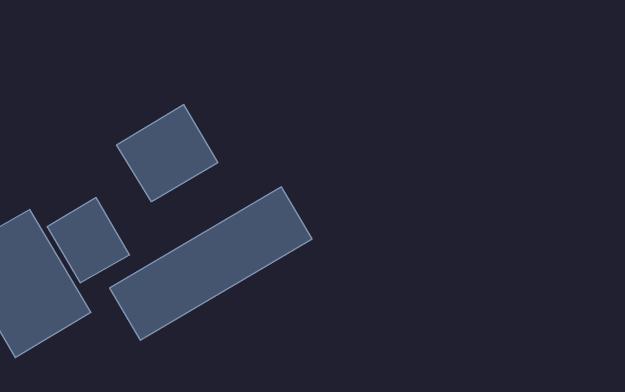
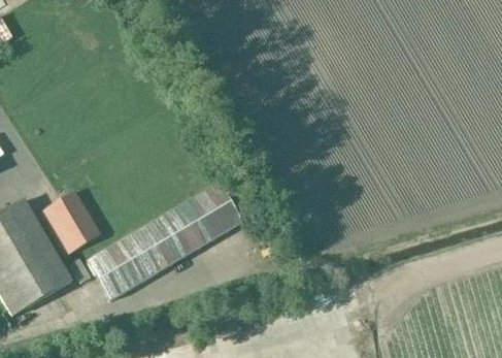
building: [117,105,218,202] -> none

